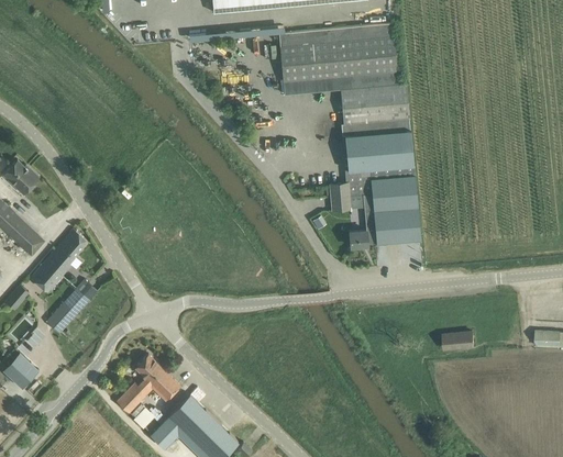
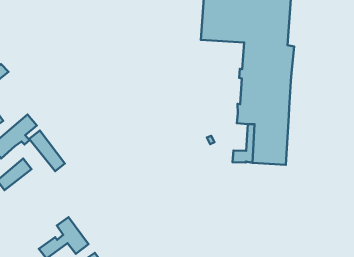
building: [330,182,350,210] -> none
building: none -> [29,130,65,171]
building: [443,331,474,348] -> none

